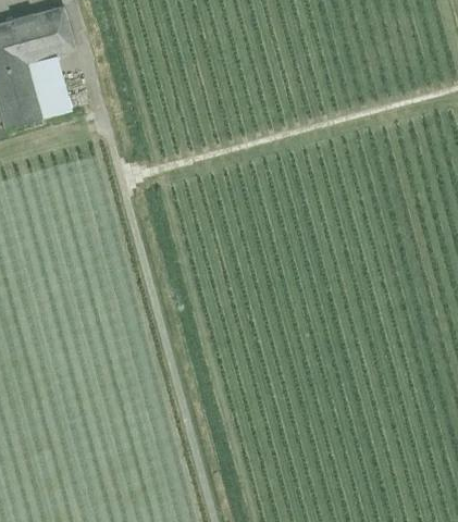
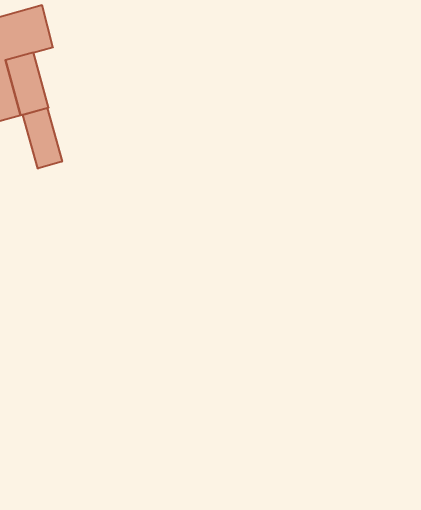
building: none -> [23,108,62,169]

